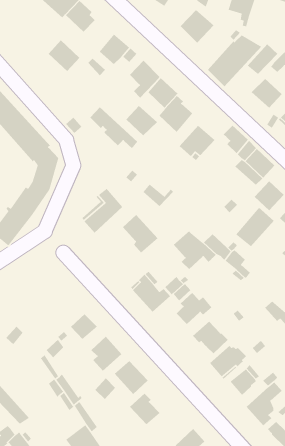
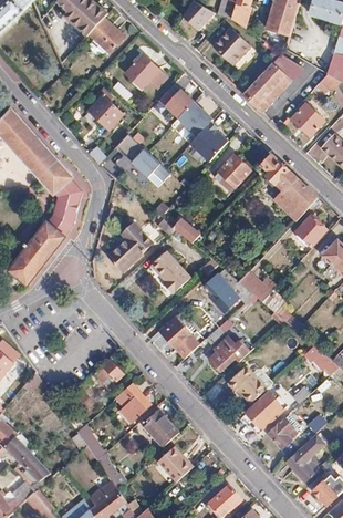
building: [48,40,80,72] -> [87,94,123,130]
building: [125,105,158,136] -> none
building: [235,207,274,247] -> none

